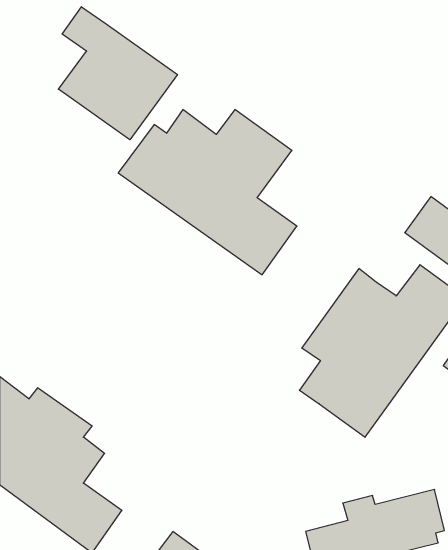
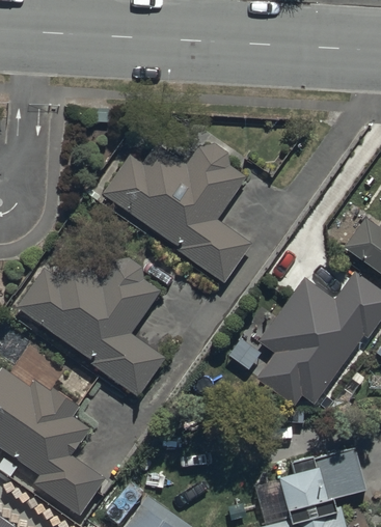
building: [58,7,177,140] -> none
building: none -> [17,239,168,394]

